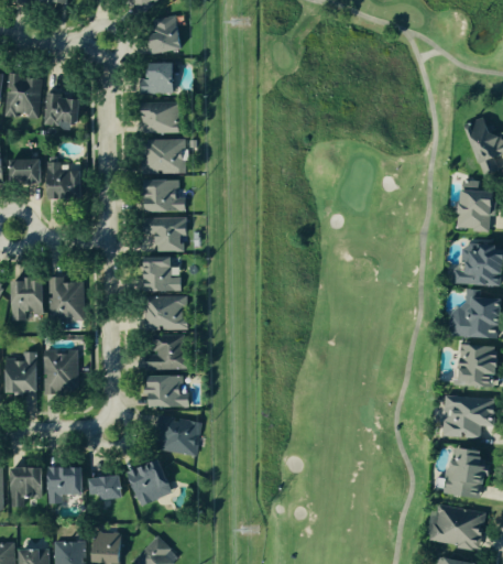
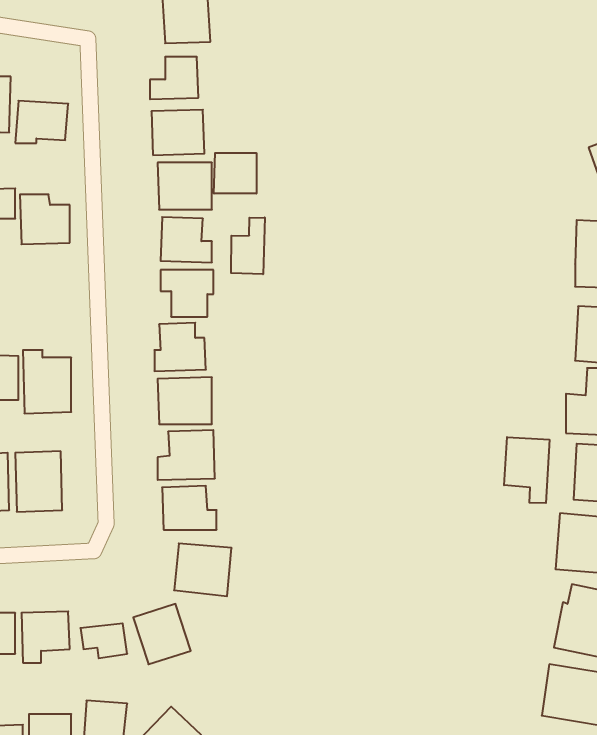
building: none -> [214,153,256,194]
building: none -> [231,217,265,274]
building: none -> [504,437,549,503]

